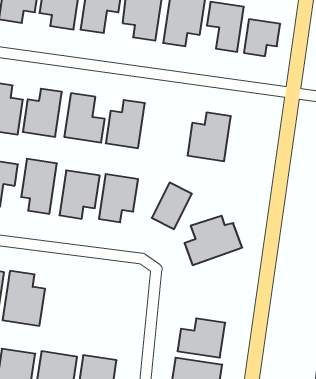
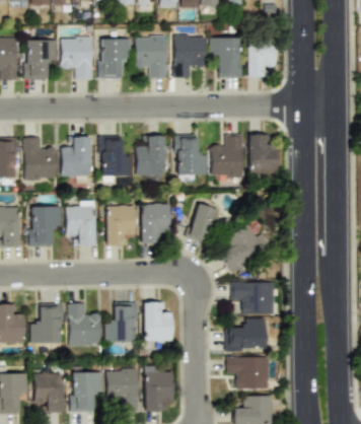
building: none -> [174,136,207,174]
building: none -> [248,135,277,173]
building: none -> [232,282,276,313]
building: none -> [104,301,138,343]
building: none -> [143,301,173,342]

